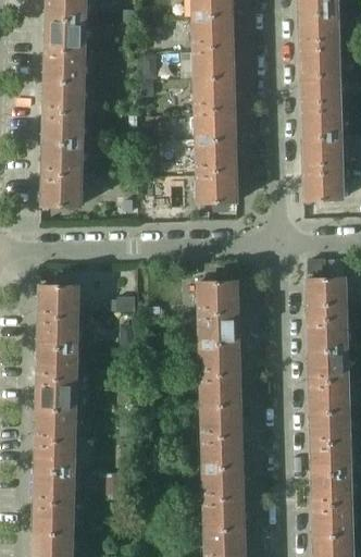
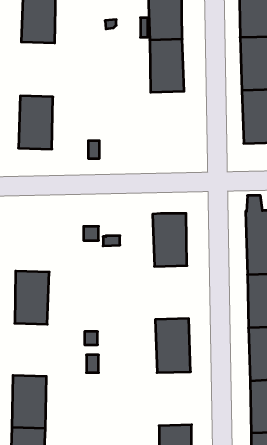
building: [43,82,84,146] -> none
building: [196,139,237,203] -> none
building: [38,286,78,350] -> none
building: [200,343,240,406] -> none
building: [35,410,75,472] -> none
building: [203,467,244,530] -> none

